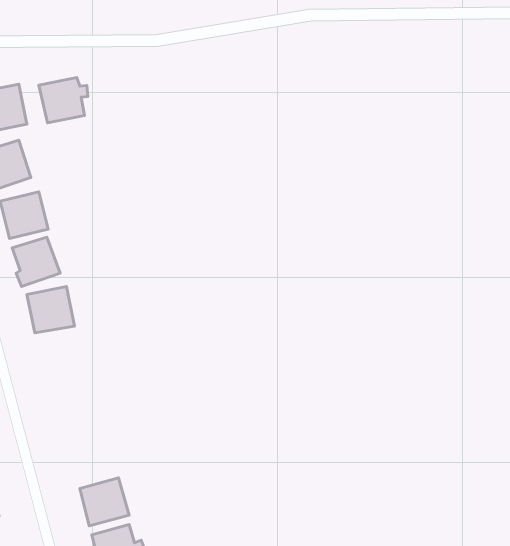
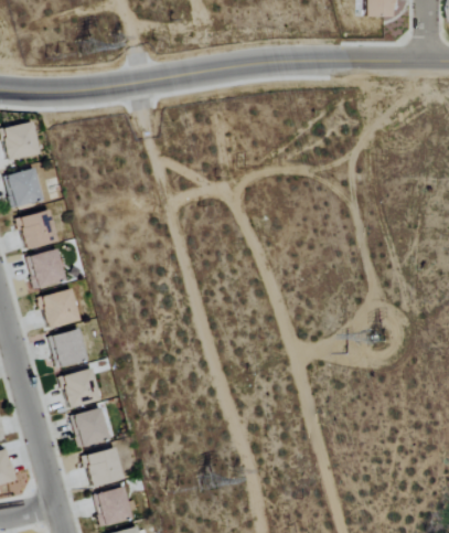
building: [39,77,88,123] -> none
building: none -> [49,329,88,367]
building: none -> [60,367,101,409]
building: none -> [72,408,110,448]

